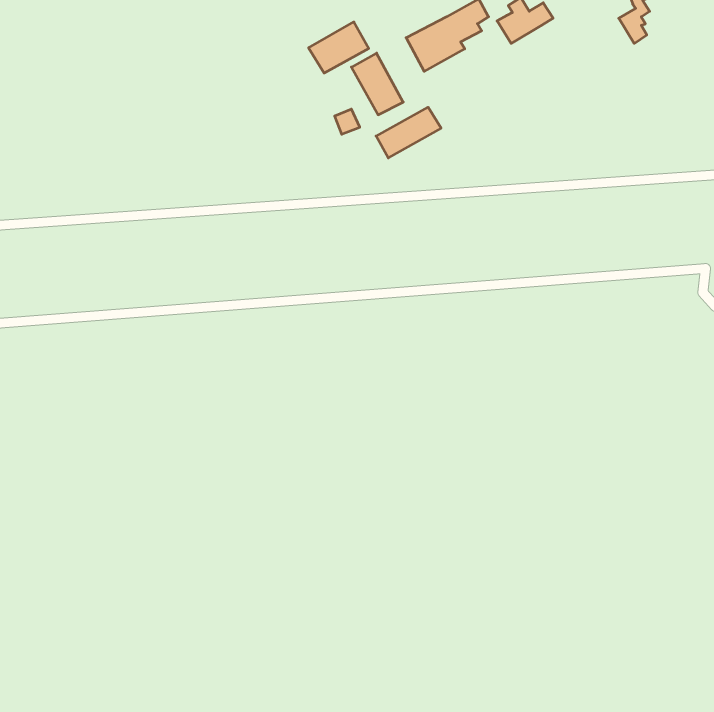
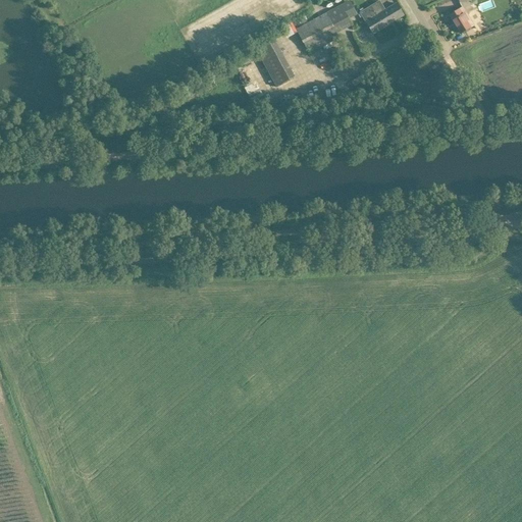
building: [309,22,369,73] -> none
building: [376,107,441,158] -> none

